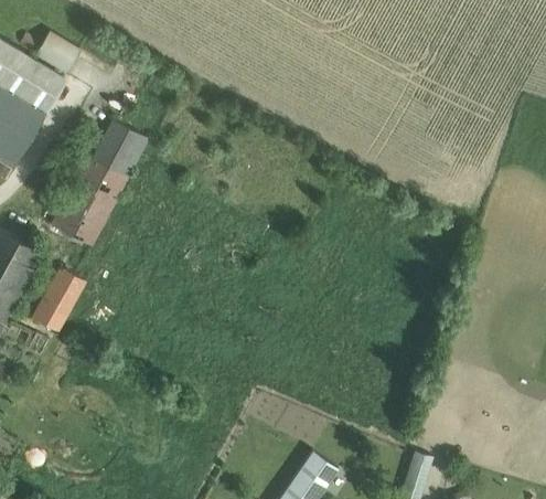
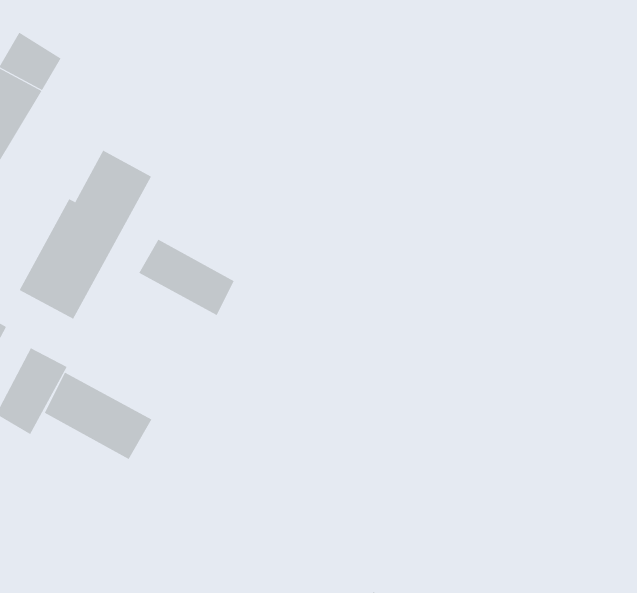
building: none -> [139,239,234,316]
building: none -> [44,372,152,460]

